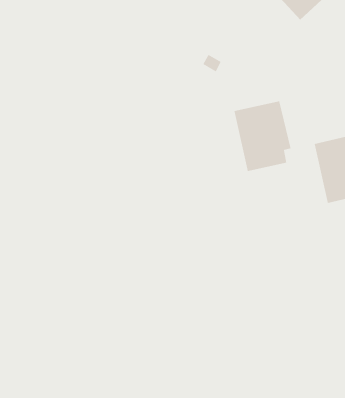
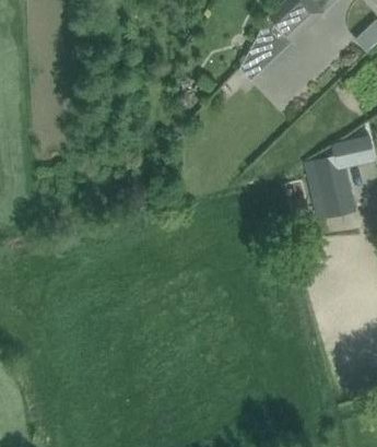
building: [234,101,291,172] -> none

